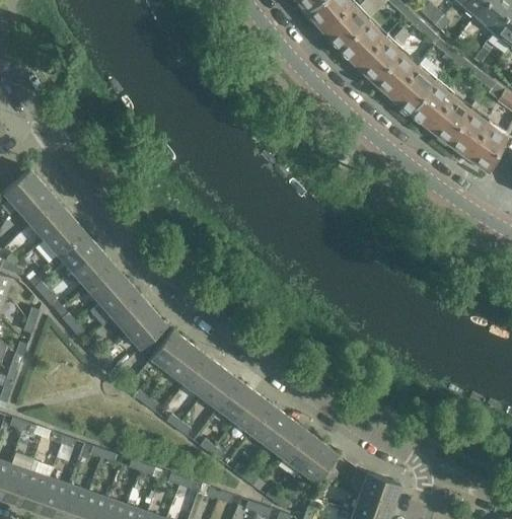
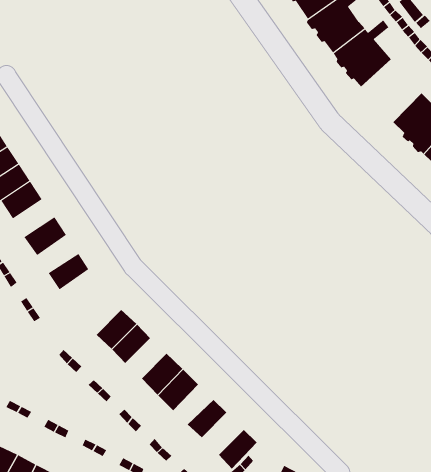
building: [391,57,451,126] -> none
building: [71,247,112,287] -> none
building: [99,279,140,318] -> none
building: [126,309,167,350] -> none
building: [150,330,189,372] -> none
building: [200,368,238,409] -> none
building: [252,406,290,447] -> none
building: [284,430,323,472] -> none

